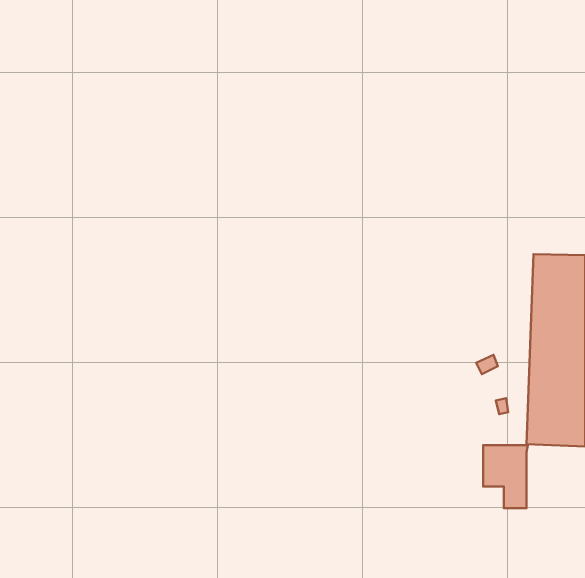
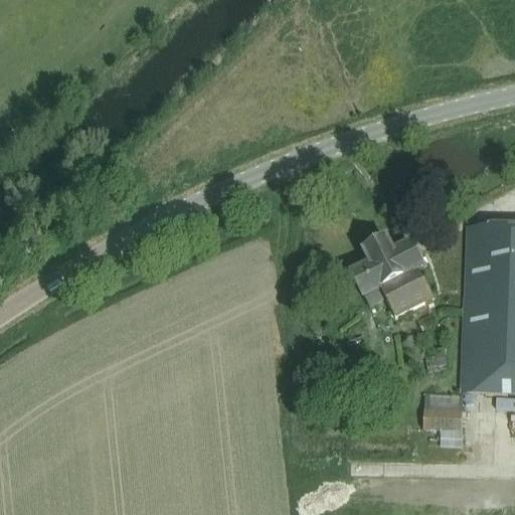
building: none -> [354,241,437,315]

